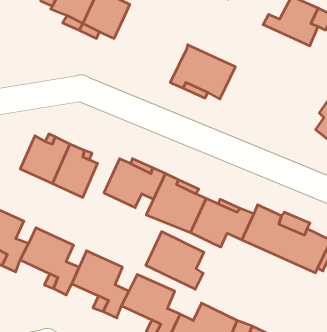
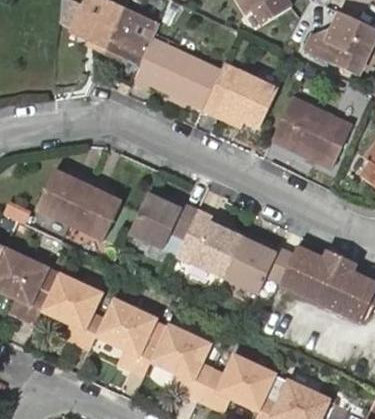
building: none -> [134,43,220,112]
building: none -> [269,102,344,168]
building: [146,232,204,289] -> none

